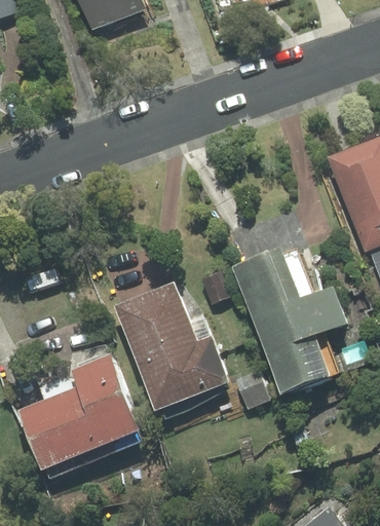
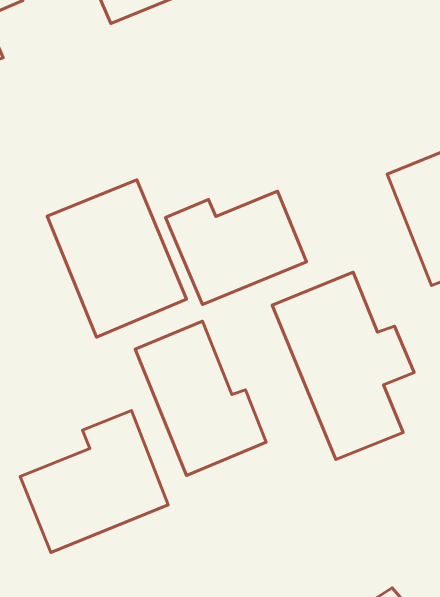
building: none -> [47,180,186,337]
building: none -> [165,191,307,304]

